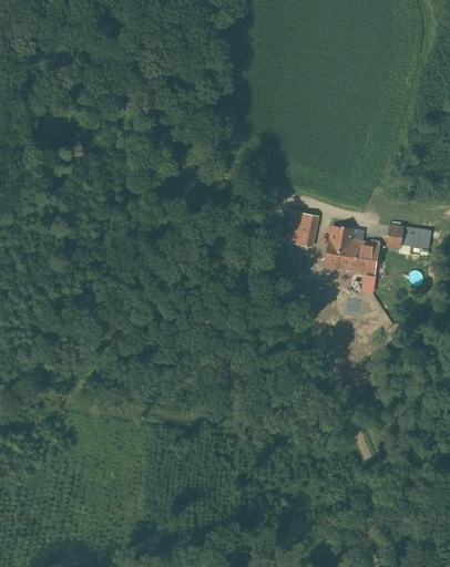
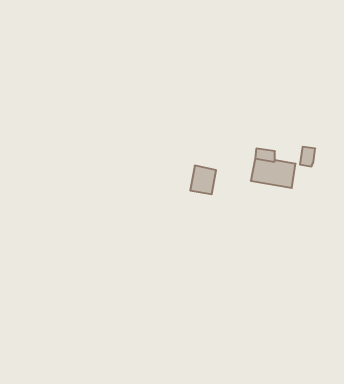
building: [286,210,318,246] -> [190,166,216,194]
building: [402,226,432,248] -> none

